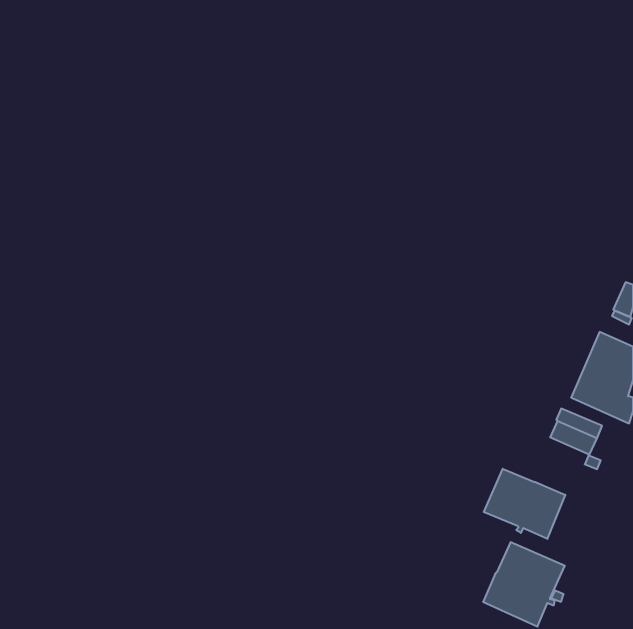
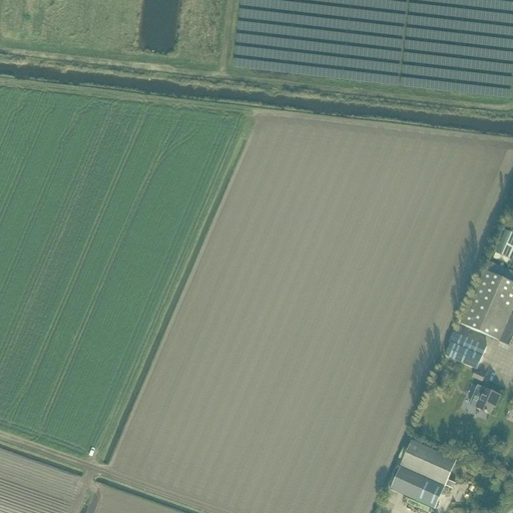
building: [484,469,565,539] -> none
building: none -> [470,384,501,412]

